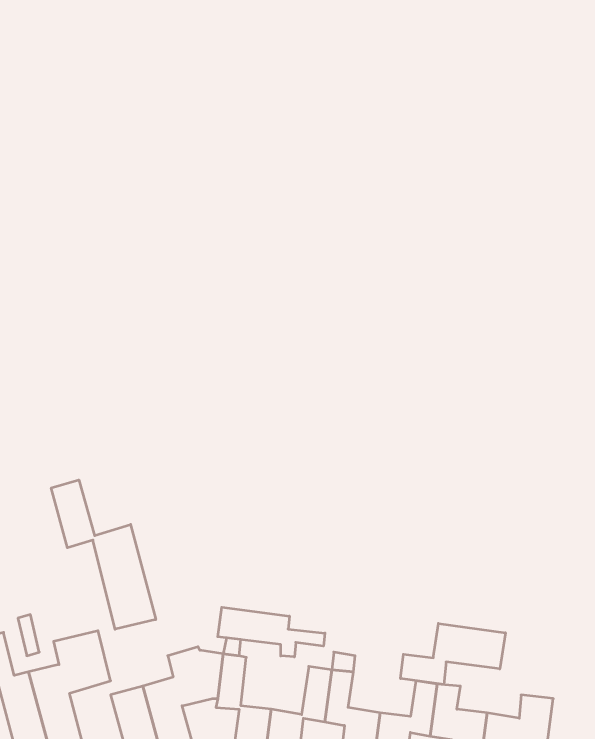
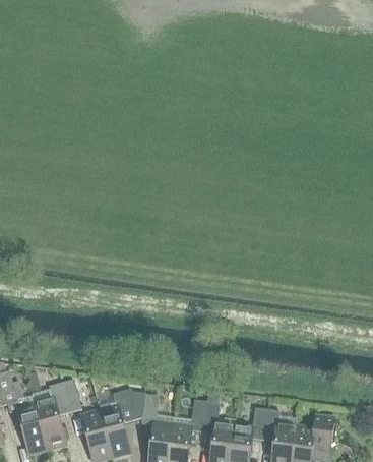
building: [51,480,156,629] -> none
building: [218,607,325,657] -> none
building: [401,623,505,684] -> none

